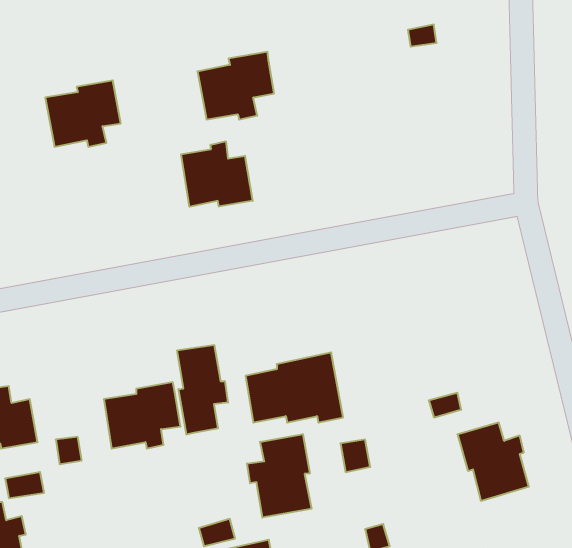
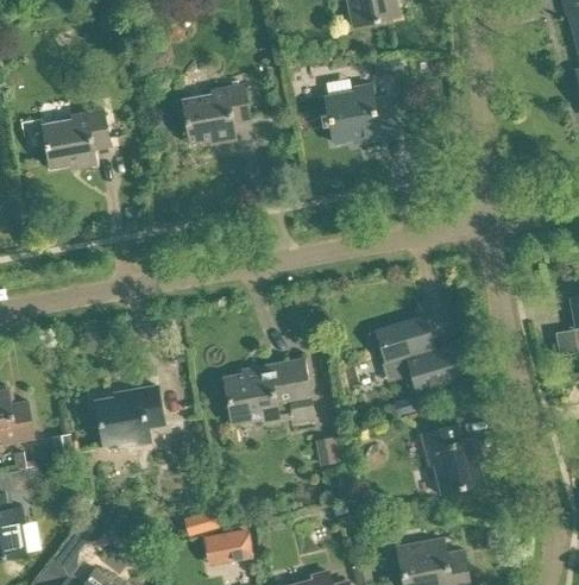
building: none -> [326,83,398,140]
building: [181,141,253,207] -> none
building: none -> [375,316,477,391]
building: [177,345,228,435] -> none
building: [247,434,312,518] -> none

